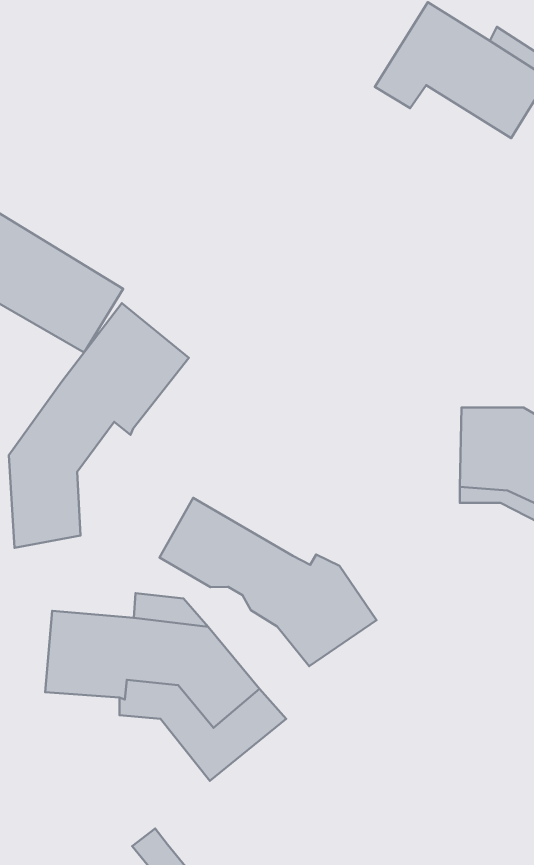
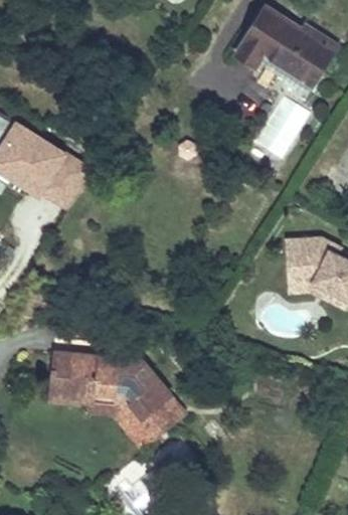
building: [9,303,189,548] -> none
building: [159,498,377,666] -> none

